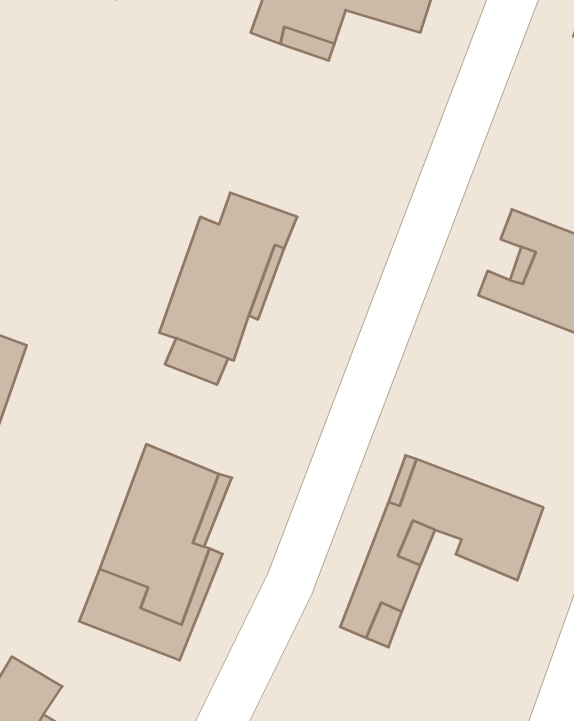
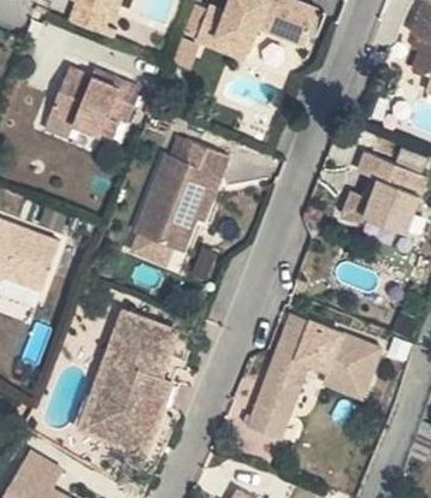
building: none -> [43,69,136,137]

